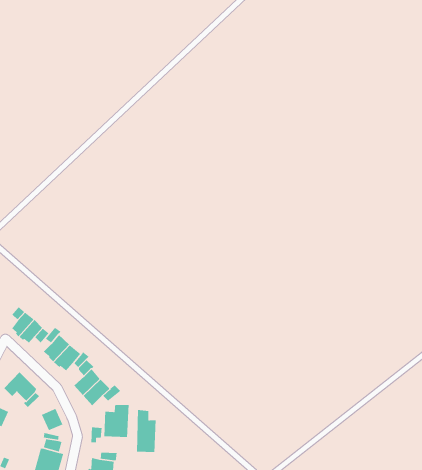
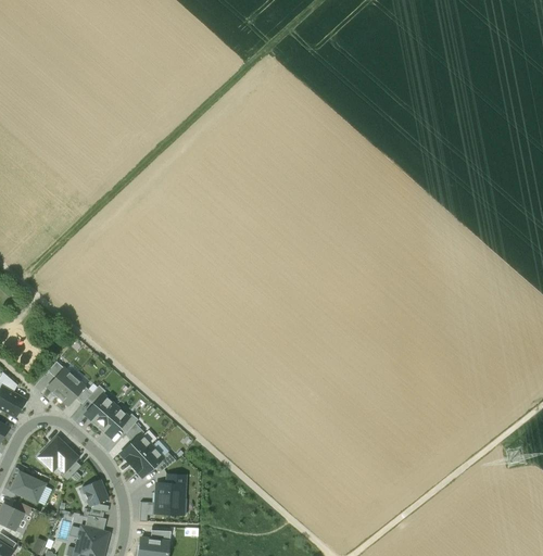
building: [136,409,157,453] -> none

